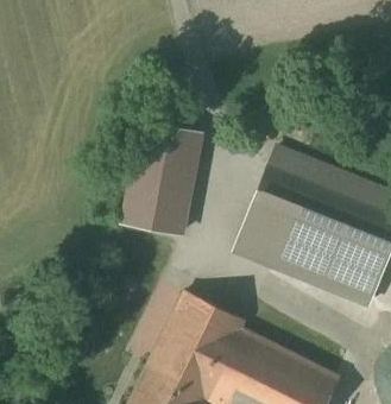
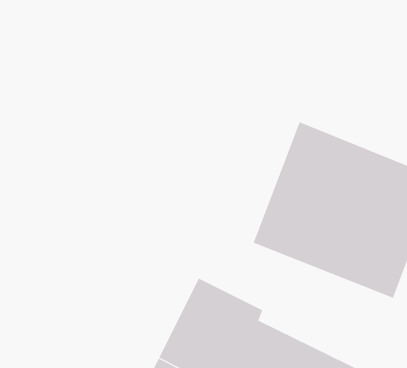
building: [122,122,200,231] -> none

